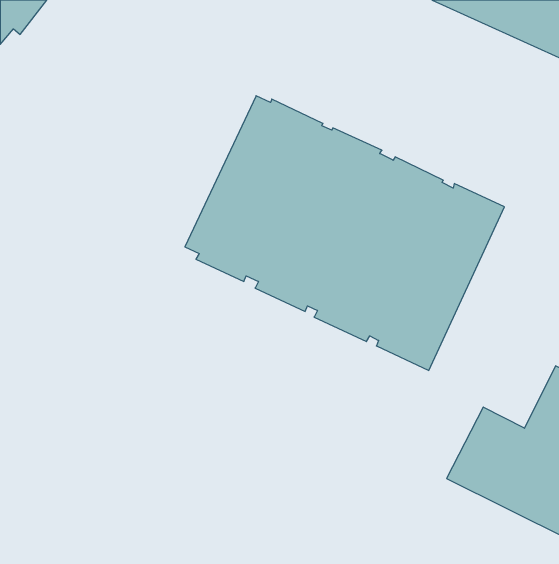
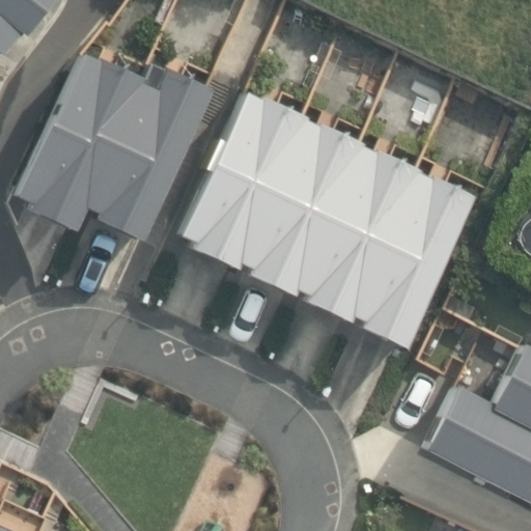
building: none -> [16,52,213,239]

